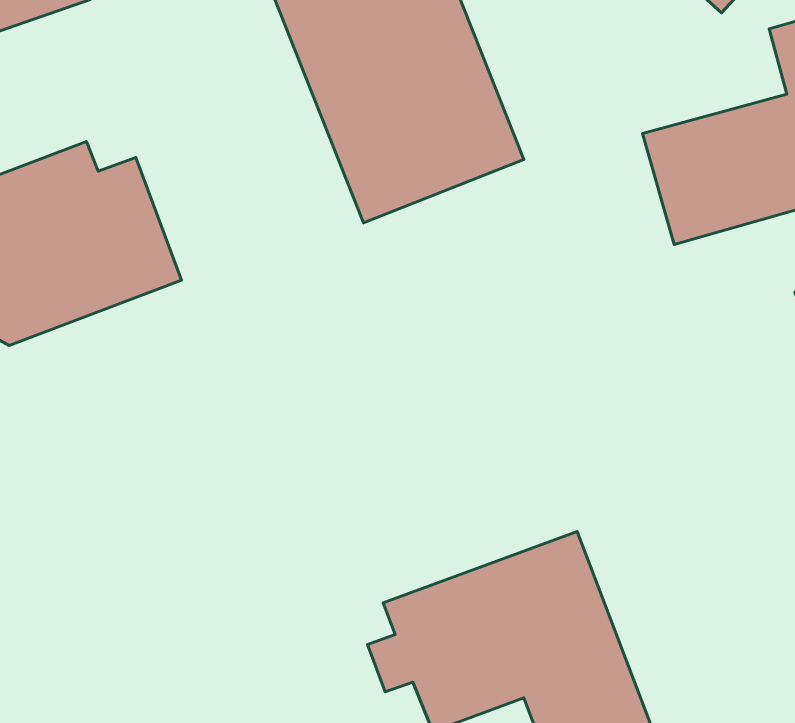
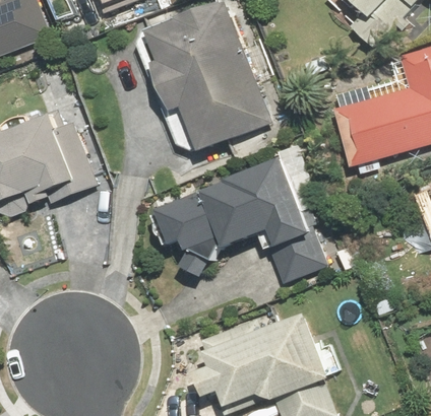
building: none -> [156,159,325,285]

